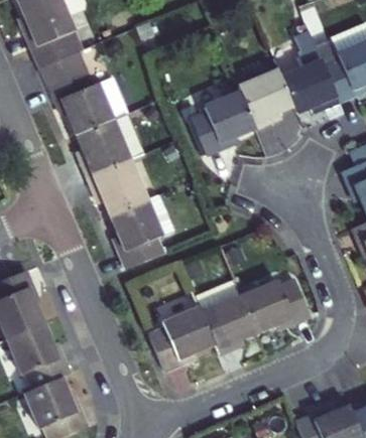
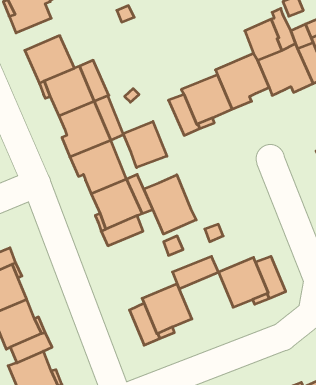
building: [32,33,77,66] -> none
building: none -> [123,121,167,168]
building: none -> [144,175,196,234]
building: [201,295,256,353] -> none

